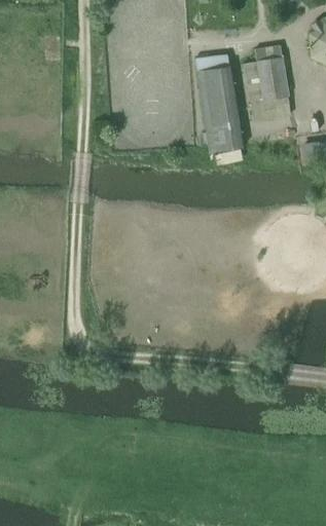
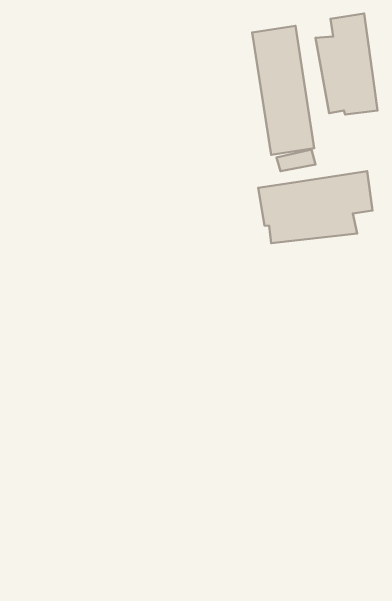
building: none -> [258,171,372,243]

